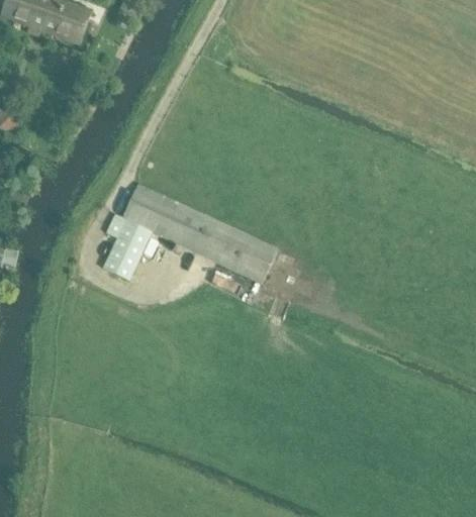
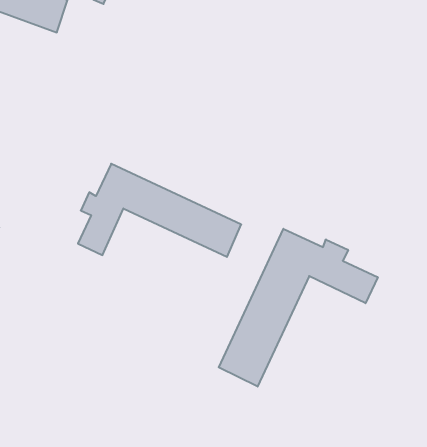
building: none -> [219,229,378,387]

